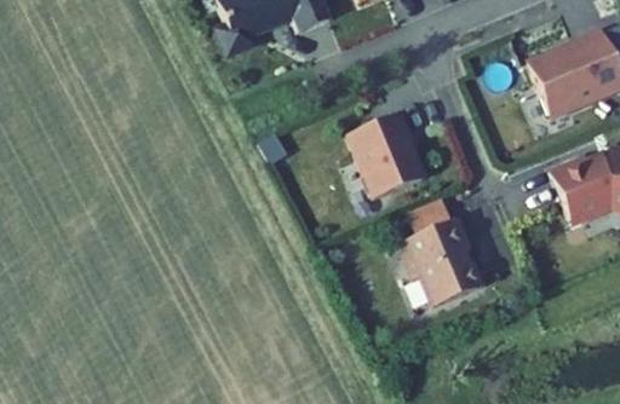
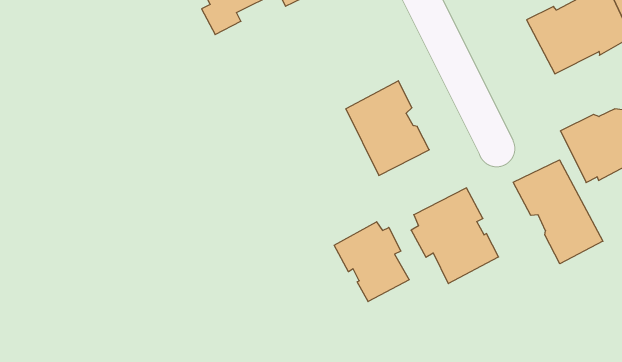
building: none -> [513,160,603,264]
building: none -> [334,222,409,302]

